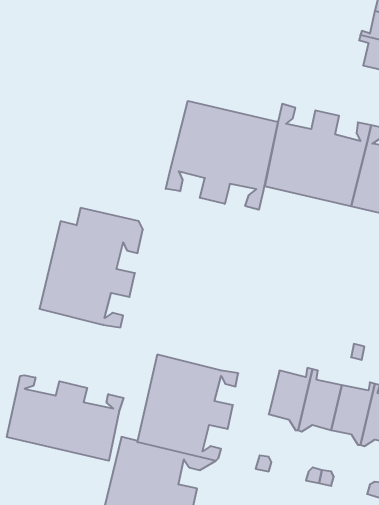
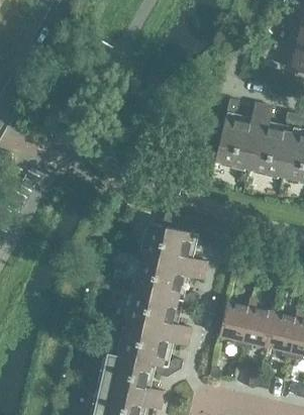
building: [166,101,278,210] -> none
building: [39,208,143,327] -> [134,213,213,304]
building: [7,375,124,461] -> none

